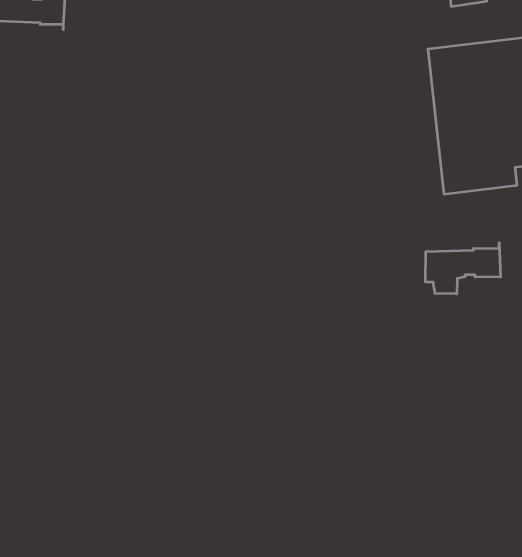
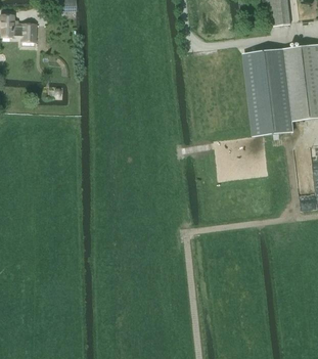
building: [425,243,501,294] -> none

